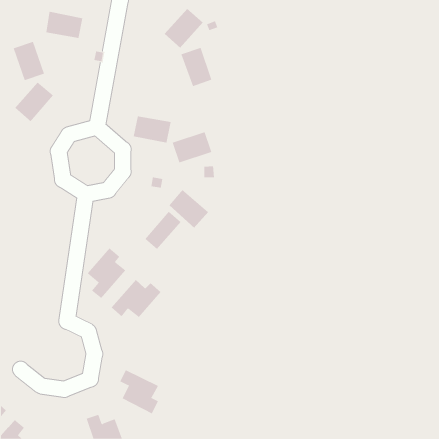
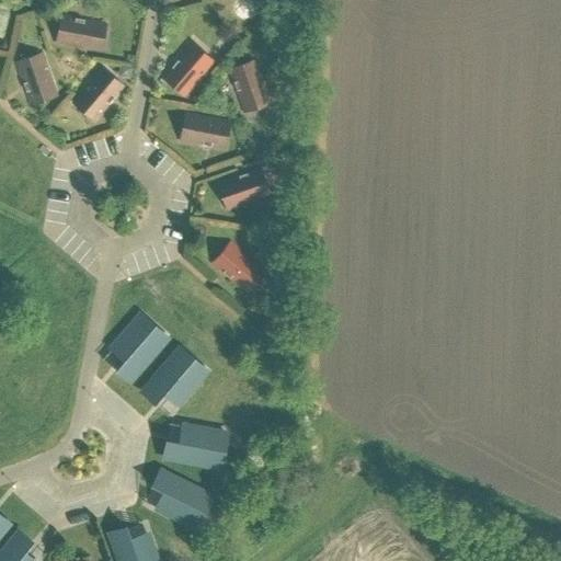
building: [164,8,203,48] -> [163,44,214,95]
building: [14,82,54,122] -> [73,68,124,119]
building: [133,116,172,143] -> [181,113,230,148]
building: [144,211,181,250] -> none
building: none -> [163,425,226,467]

